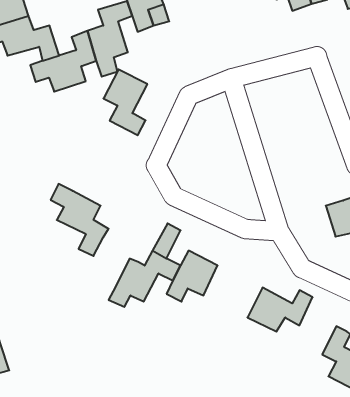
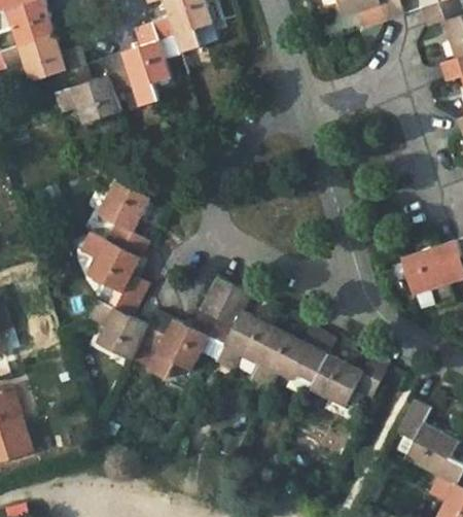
building: [103,69,147,135] -> [98,179,149,256]
building: none -> [87,300,172,357]
building: none -> [250,326,335,386]

